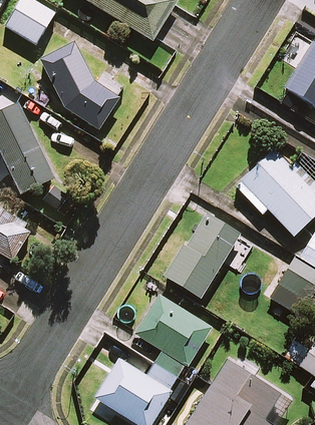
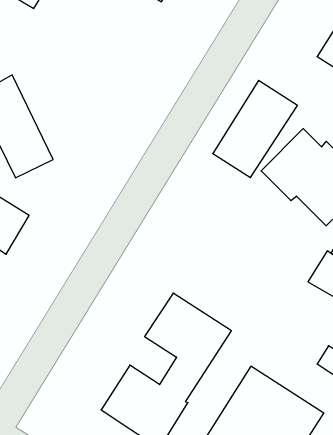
building: [40,42,124,128] -> none
building: [166,211,240,297] -> [213,80,297,178]

